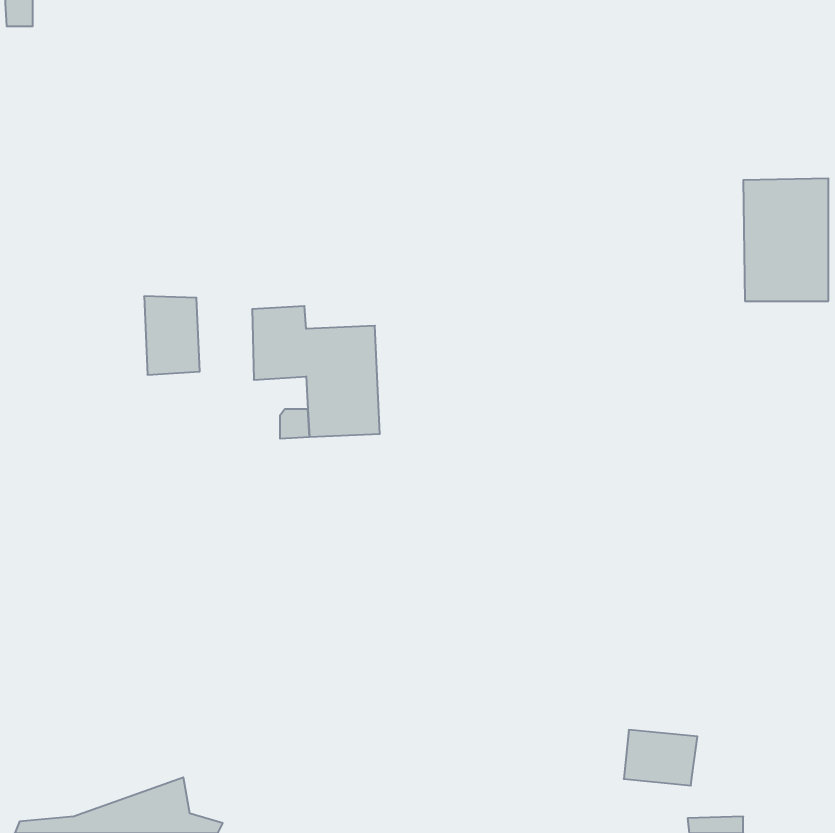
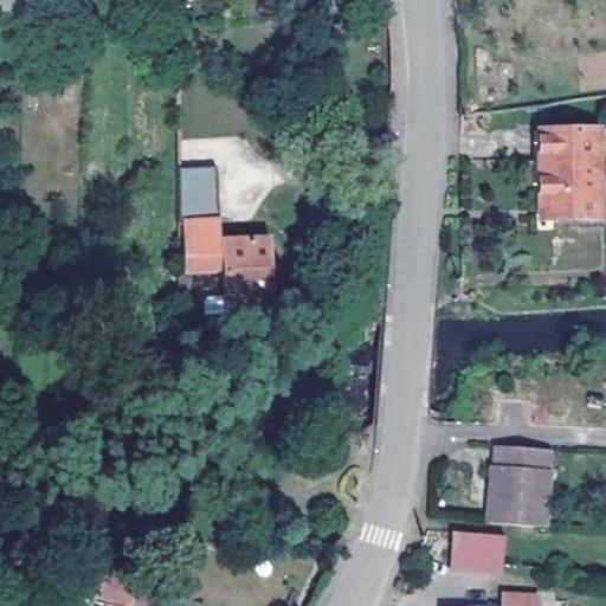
building: [144,296,200,375] -> [181,167,221,224]
building: none -> [490,443,552,524]

